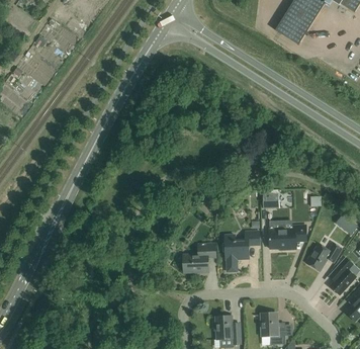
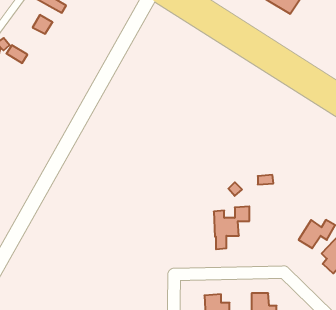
building: [268,226,305,250] -> none
building: [182,244,214,273] -> none

